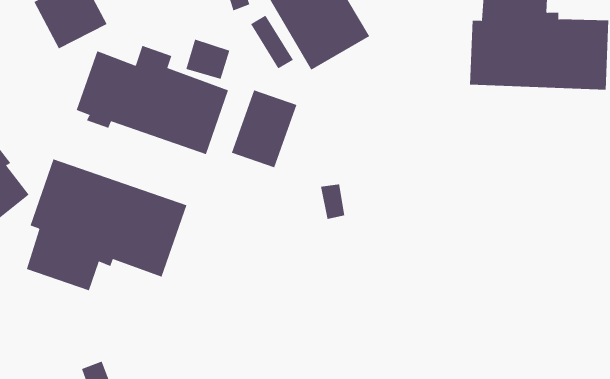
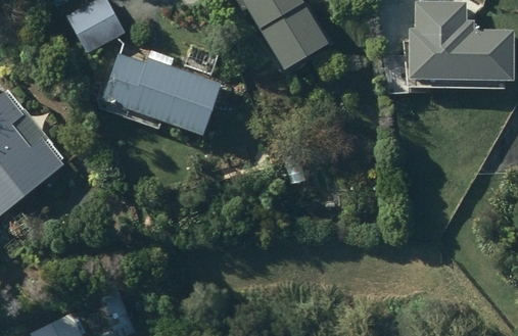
building: [231,89,297,168] -> none
building: [26,158,187,291] -> none

